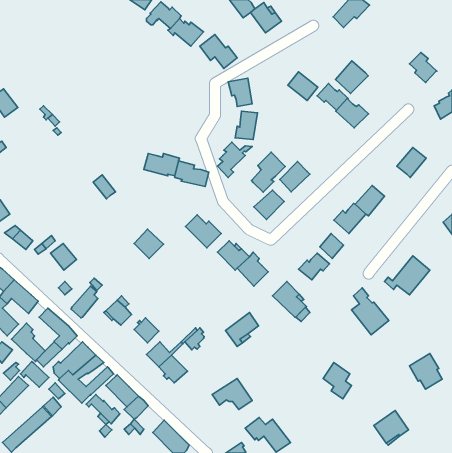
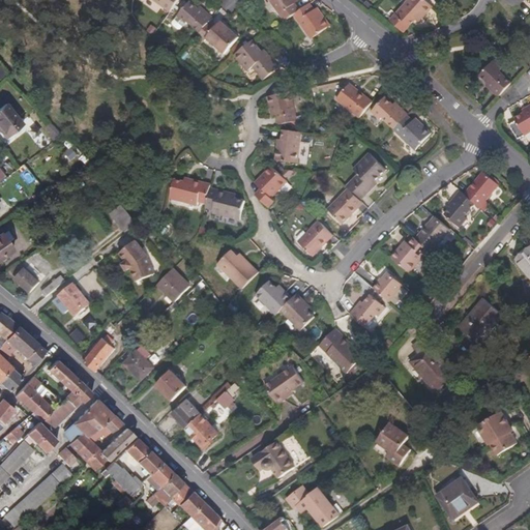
building: [336,61,368,93] -> none
building: [251,152,285,192] -> [345,153,384,200]
building: none -> [443,190,474,227]
building: none -> [118,240,154,281]
building: none -> [159,473,192,504]

